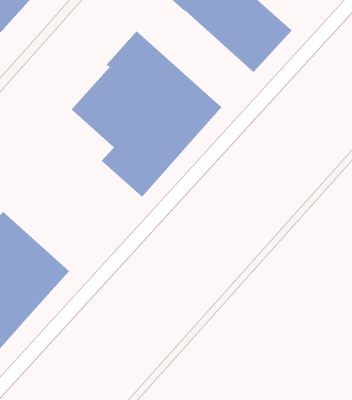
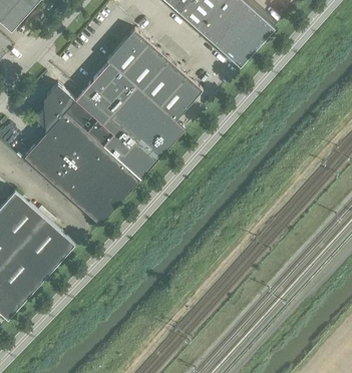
building: none -> [25,84,139,224]

